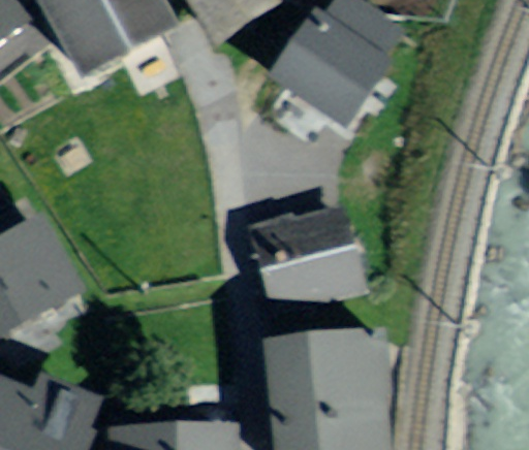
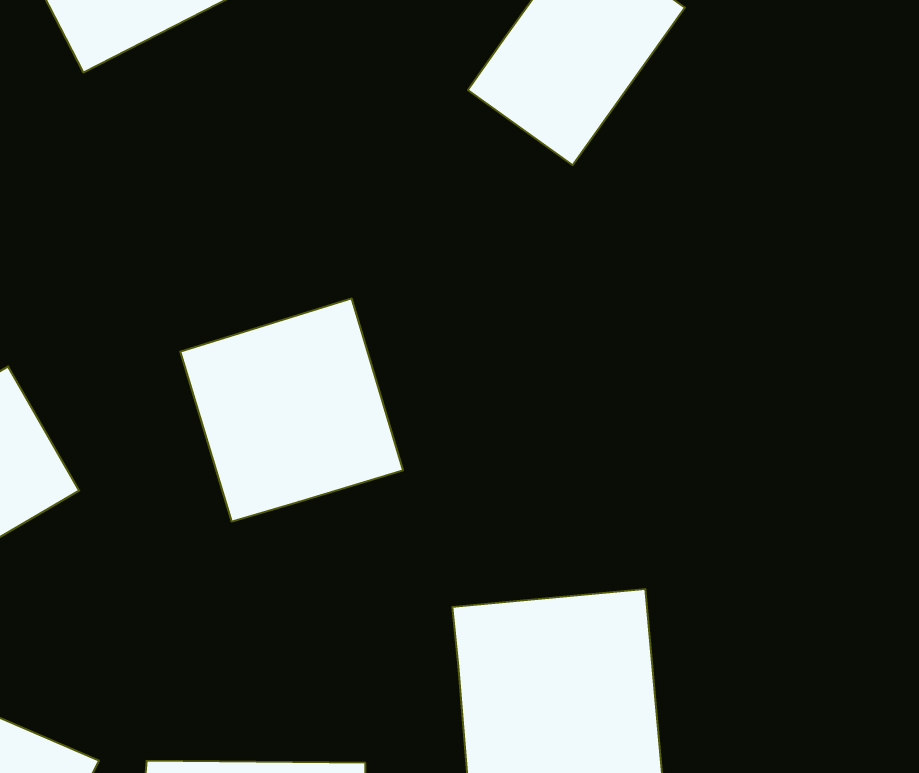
building: [251,199,368,316] -> [180,299,403,521]

